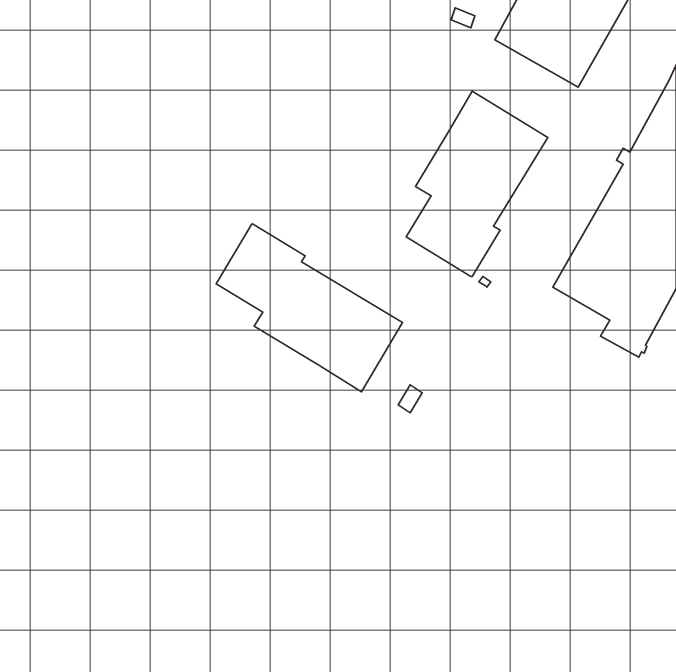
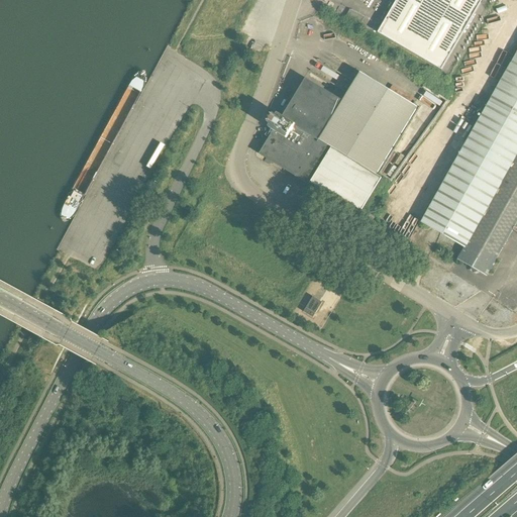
building: none -> [261,77,343,182]
building: [216,224,403,392] -> none

